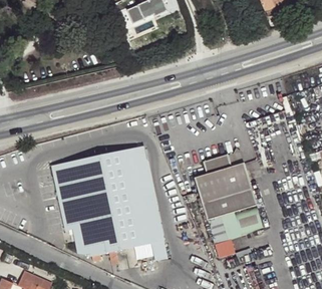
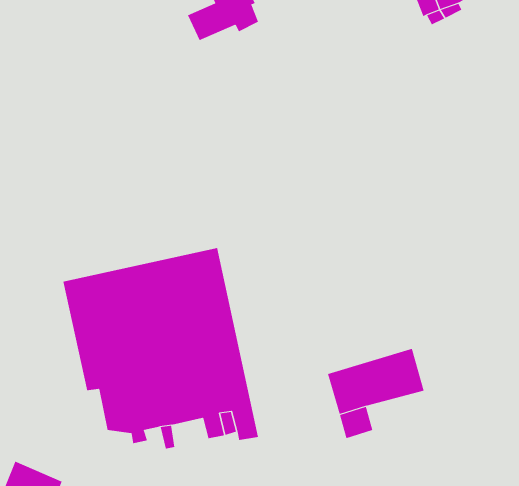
building: [195,154,258,220] -> none

